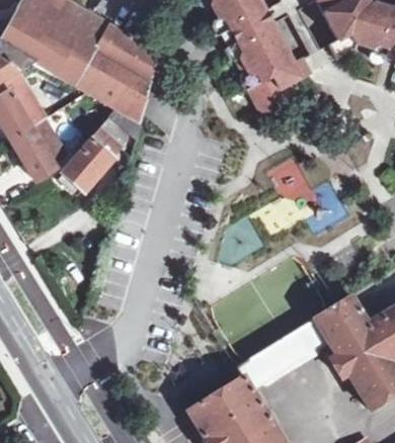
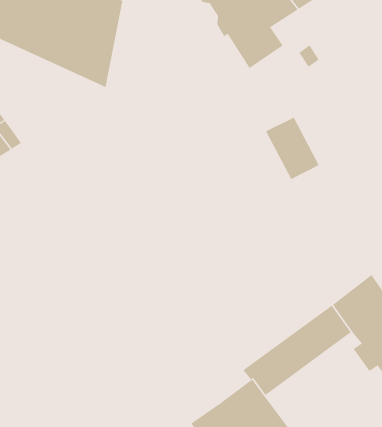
building: [64,116,138,190] -> none

